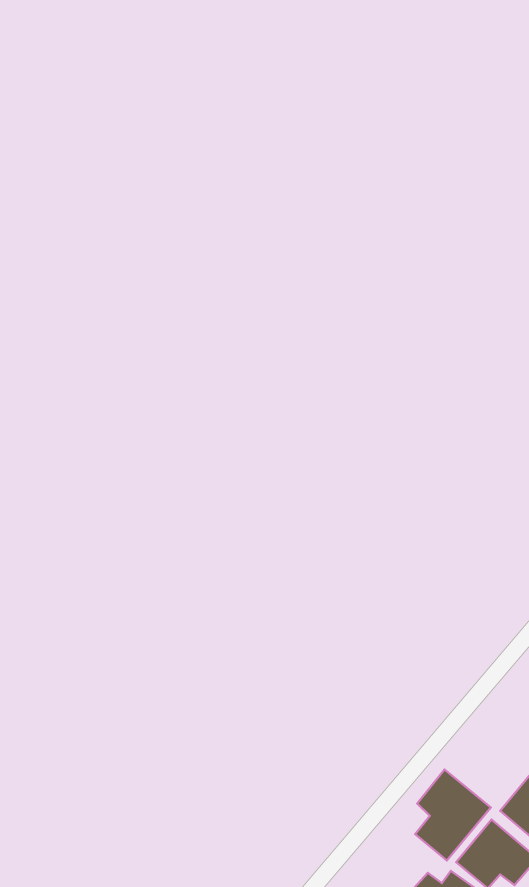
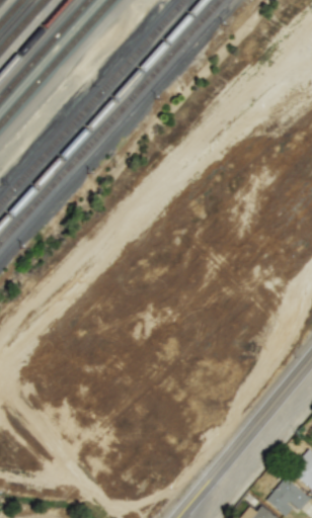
building: [415,769,491,860] -> none

